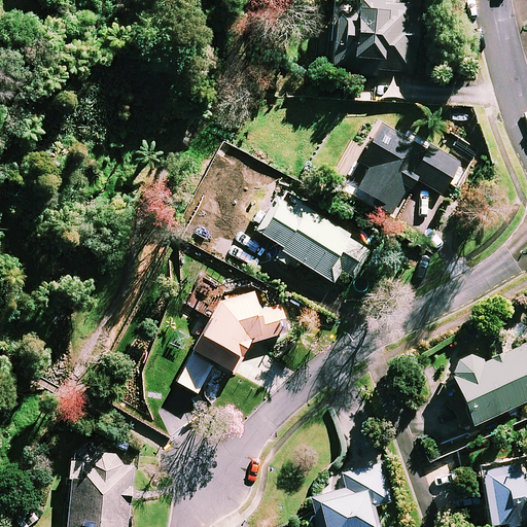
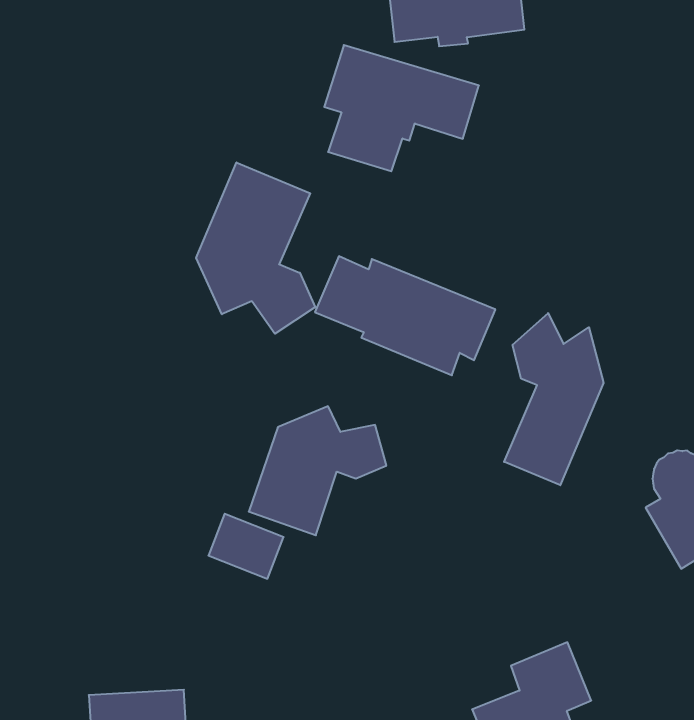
building: [359,125,461,209] -> [324,45,479,171]
building: none -> [196,162,315,334]
building: none -> [504,313,603,485]

